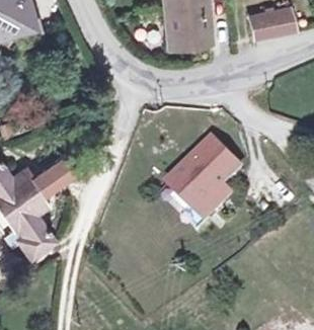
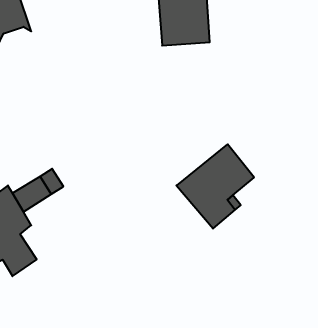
building: [248,10,292,38] -> none

